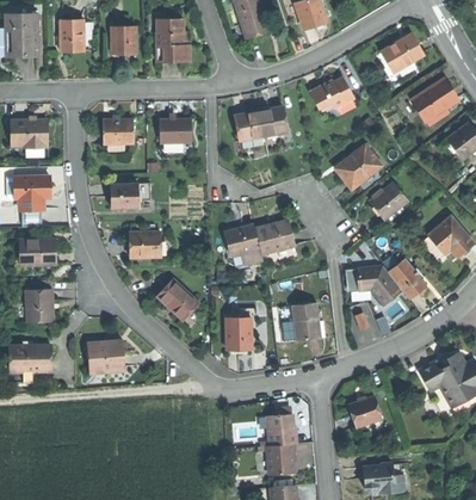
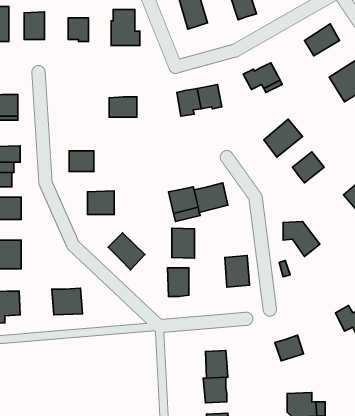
building: [104,119,135,142] -> none
building: [381,252,419,291] -> none
building: none -> [172,228,195,258]

